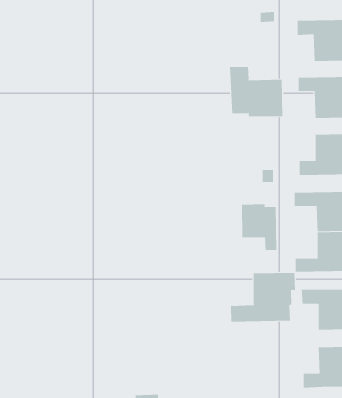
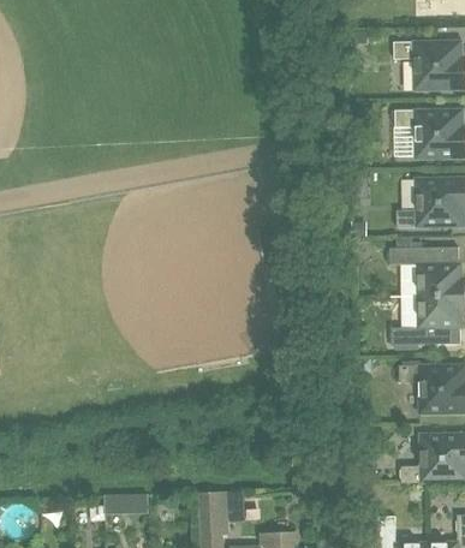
building: [229,66,283,117] -> none
building: [241,203,277,251] -> none
building: [230,272,296,323] -> none

